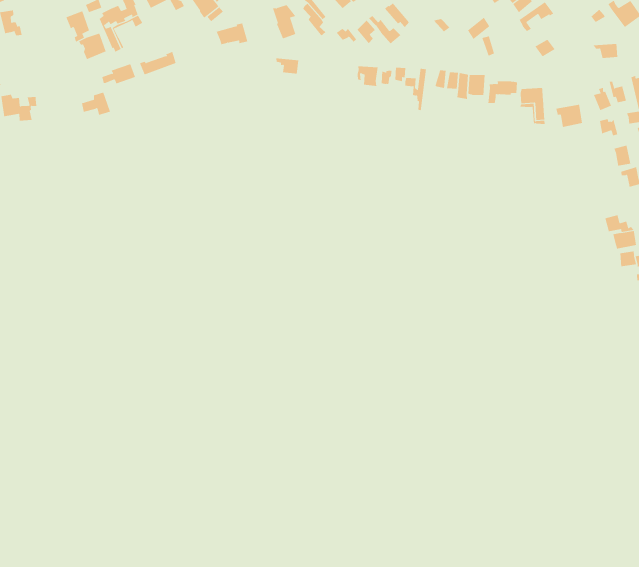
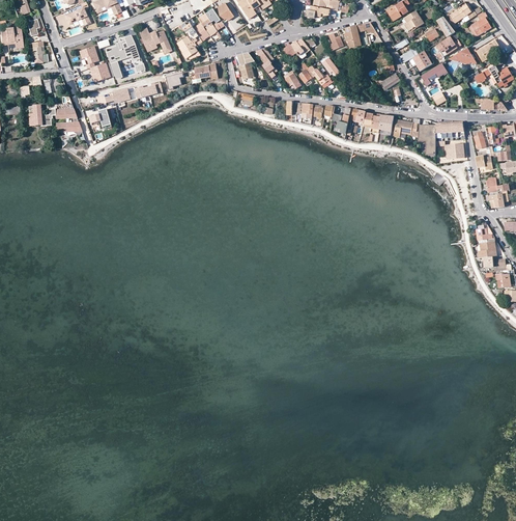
building: none -> [55,109,81,135]

